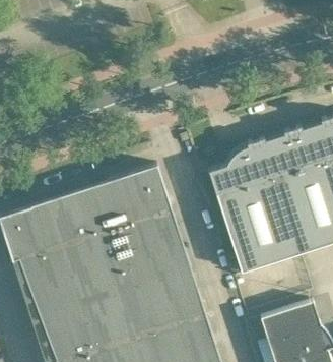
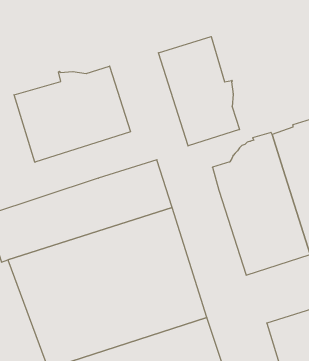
building: none -> [158,37,239,146]
building: none -> [14,66,131,162]

